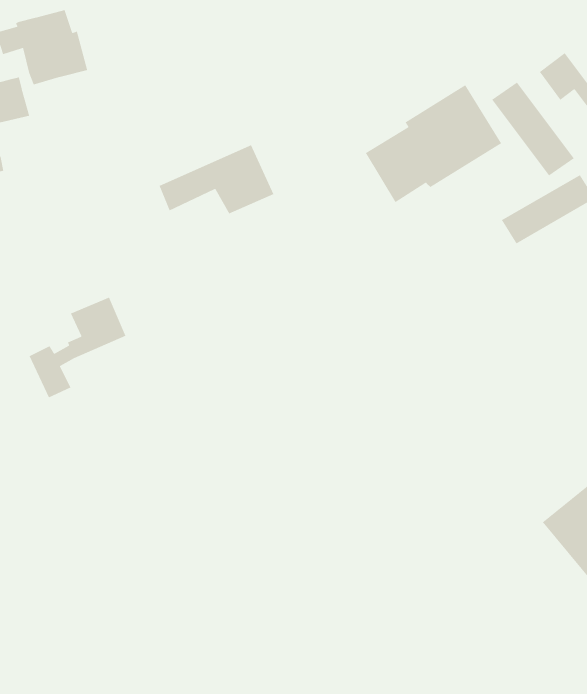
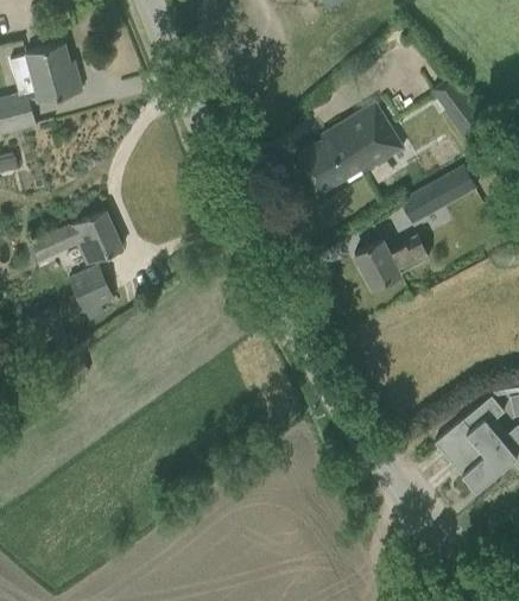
building: [491,81,575,176] -> none
building: [158,144,275,214] -> [31,210,121,265]
building: none -> [353,240,428,287]

